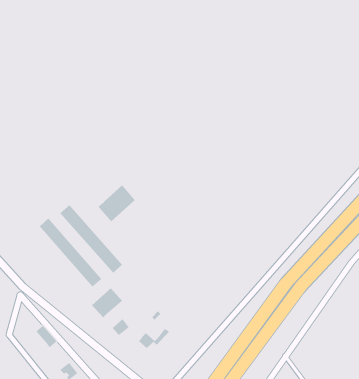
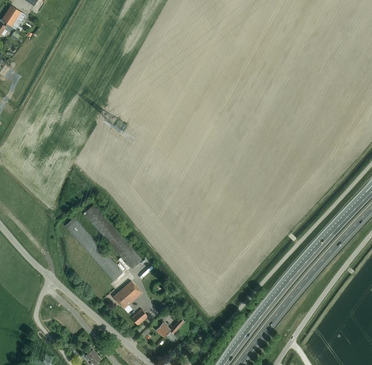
building: [98,185,136,222] -> none

